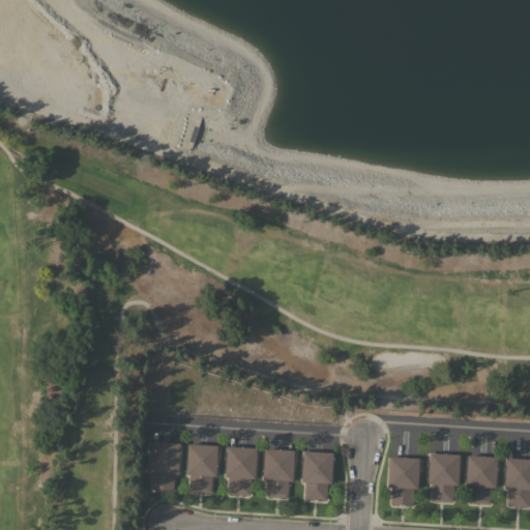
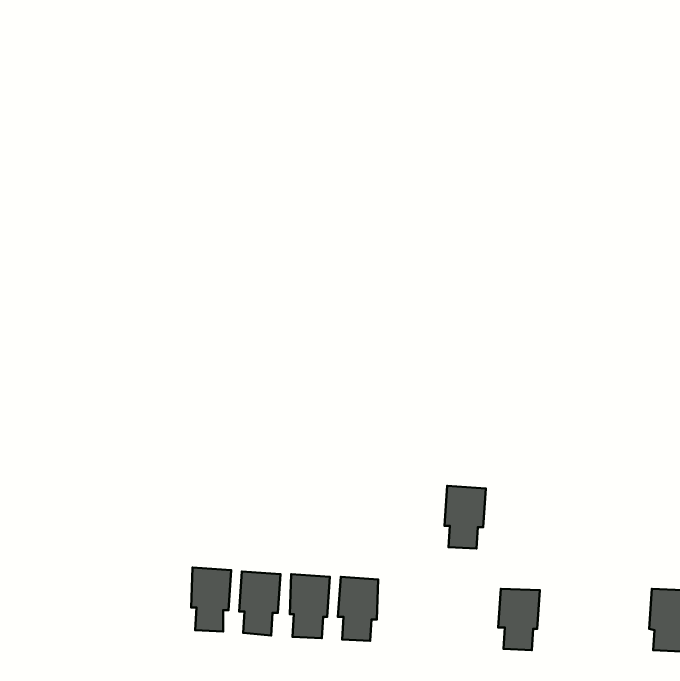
building: [302,451,334,500] -> [444,486,486,549]
building: [429,453,461,502] -> none
building: [466,455,499,505] -> none

